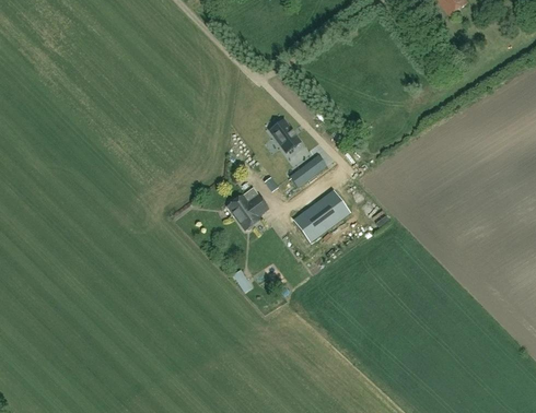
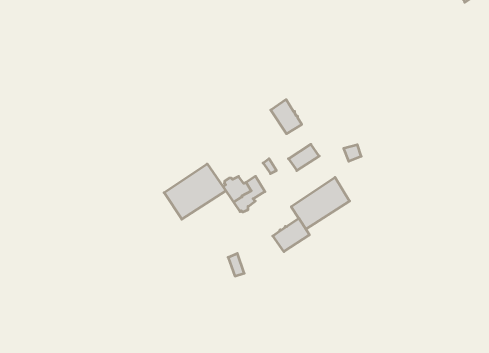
building: none -> [164,164,226,219]
building: none -> [273,218,309,252]

